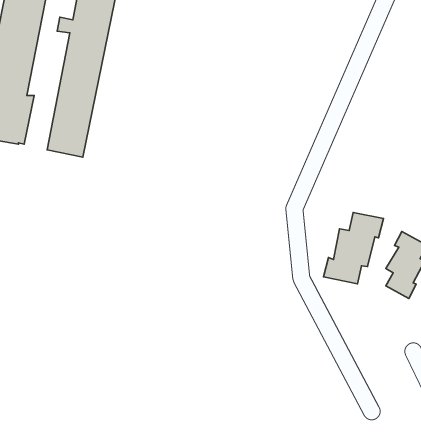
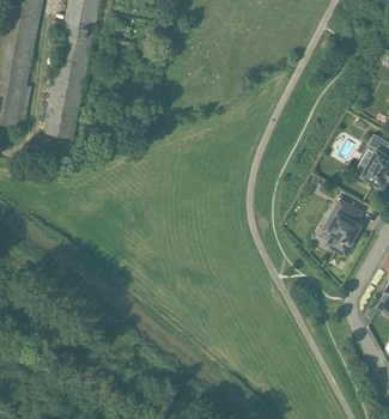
building: [323,212,384,284] -> none

